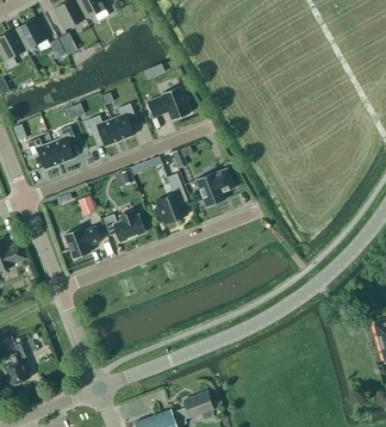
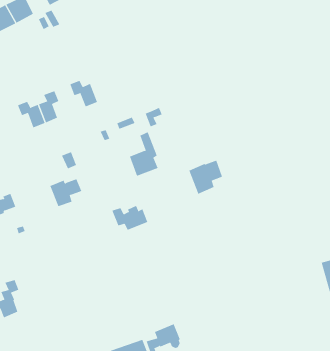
building: [147,85,191,119] -> none
building: [111,103,135,140] -> none
building: [195,168,235,208] -> [188,160,223,195]
building: [102,212,144,241] -> [111,205,148,230]

